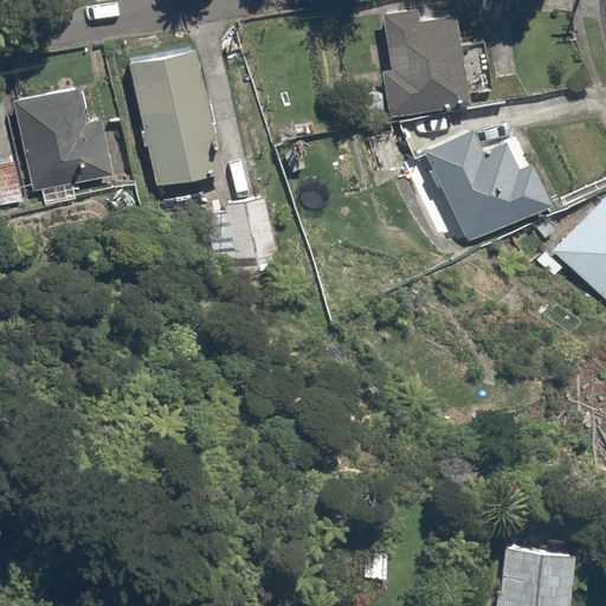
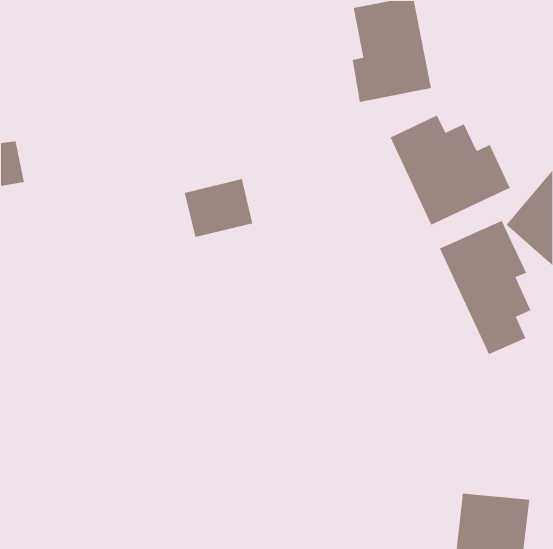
building: [120,50,223,189] -> none
building: [14,89,116,209] -> none
building: none -> [439,220,531,355]

